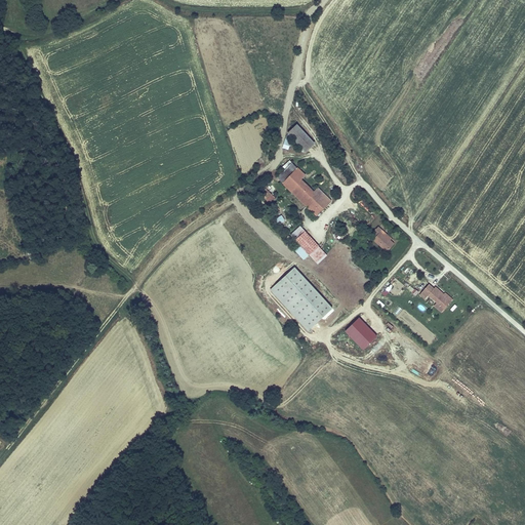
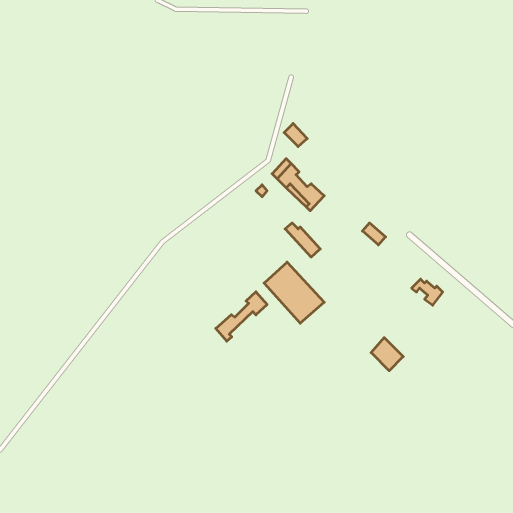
building: none -> [216,292,267,341]
building: [345,317,377,351] -> [371,338,403,371]

